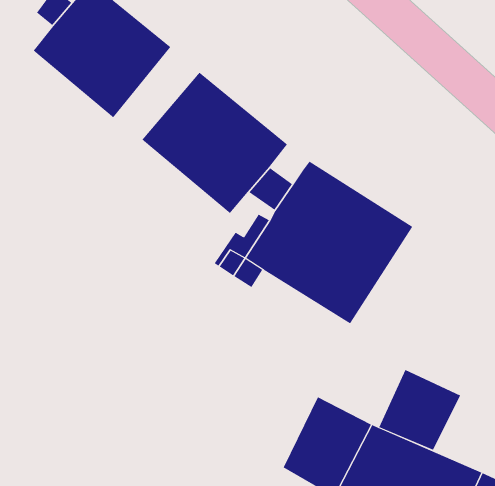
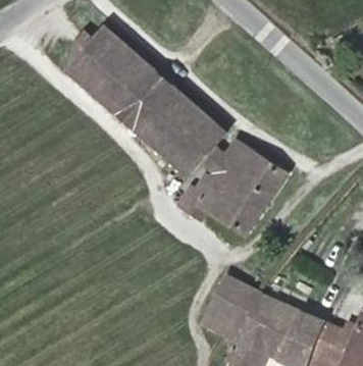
building: none -> [100,60,153,117]
building: [378,369,461,450] -> none

